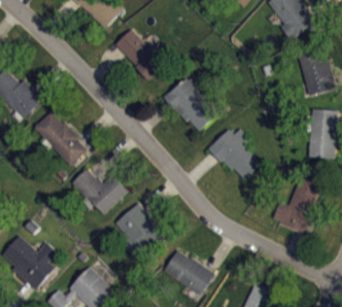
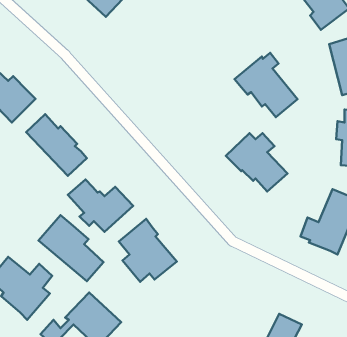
building: [113,30,163,80] -> none
building: [161,75,215,131] -> [234,53,297,117]
building: none -> [39,215,103,281]
building: [163,250,214,296] -> none

